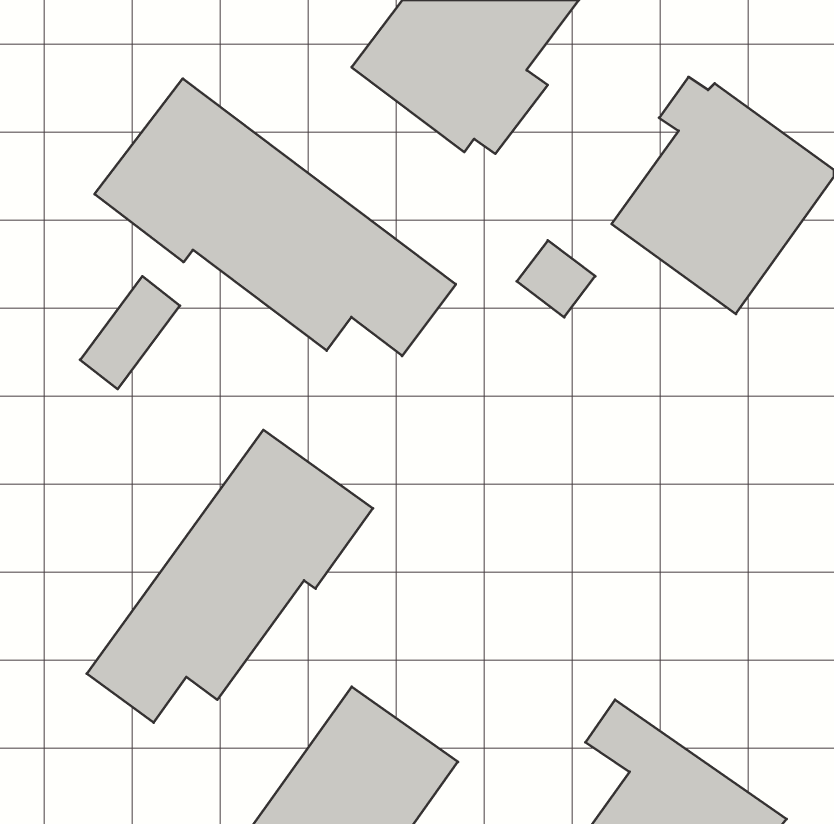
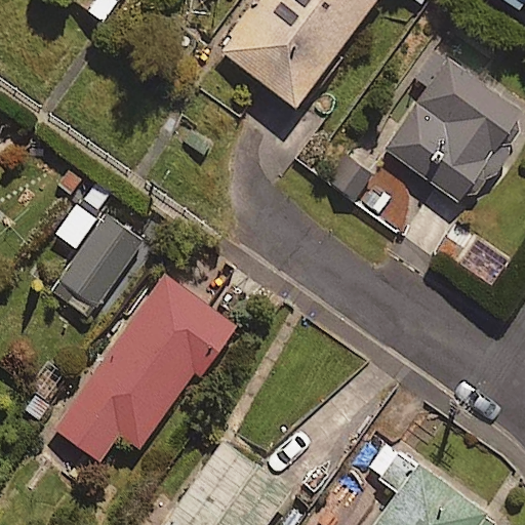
building: [95,79,456,356] -> none
building: none -> [51,215,144,319]

